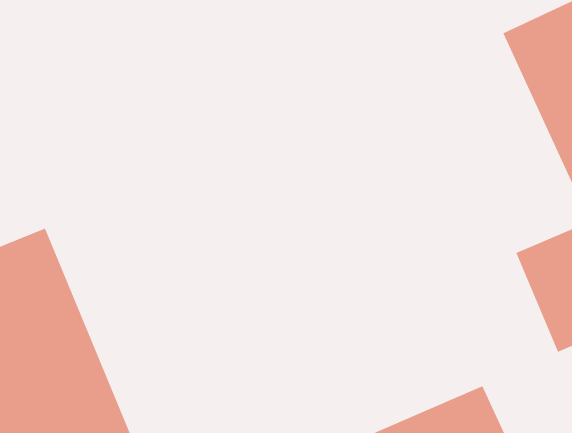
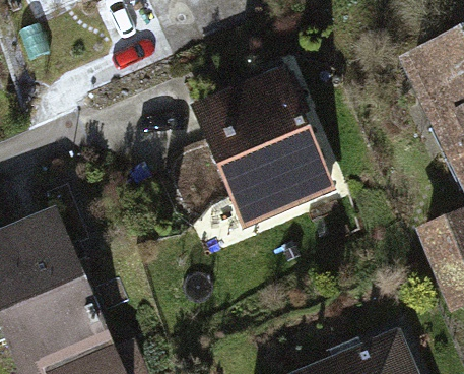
building: none -> [206,73,332,213]

